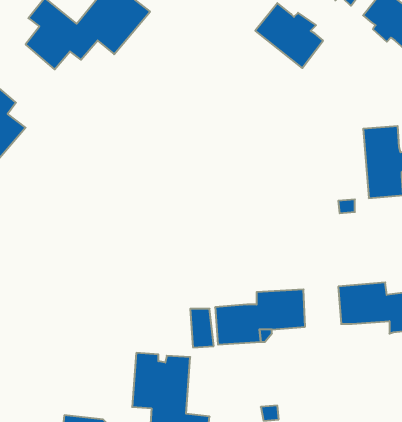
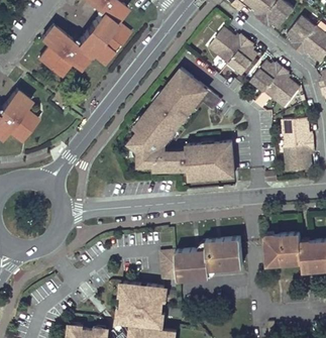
building: none -> [248,63,299,109]
building: none -> [128,67,236,178]

